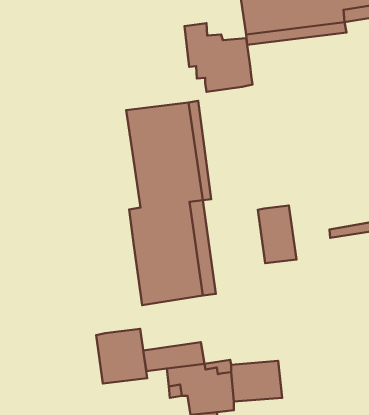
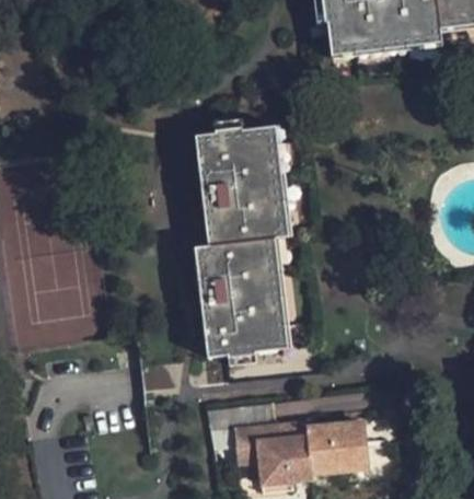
building: [184,23,252,92] -> none
building: [258,205,297,263] -> none
building: [96,329,147,383] -> none

